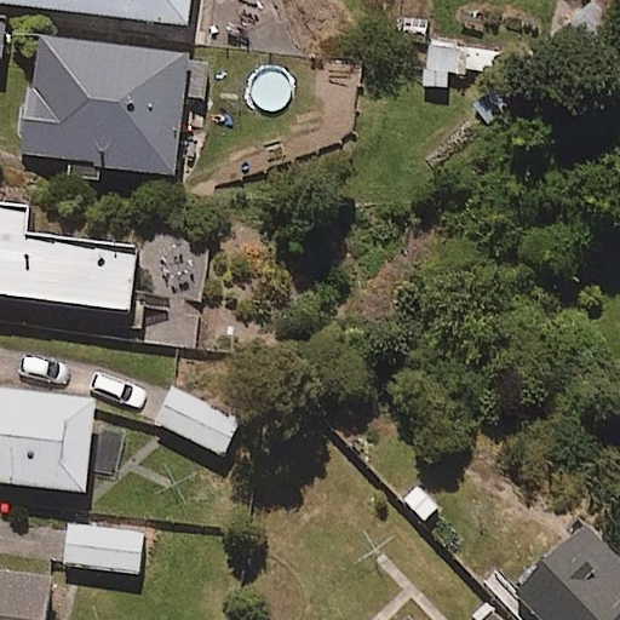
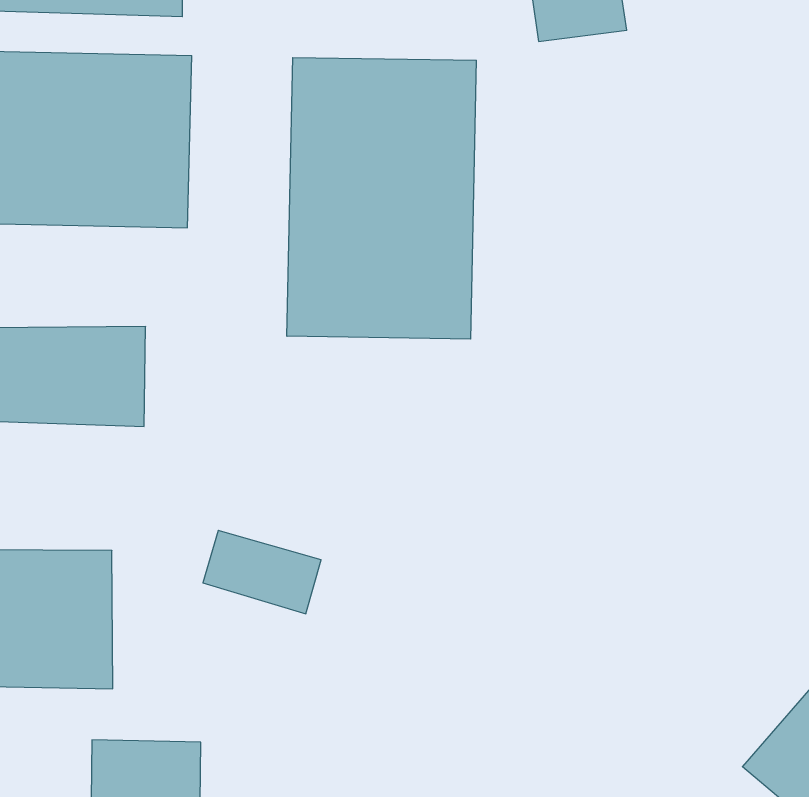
building: none -> [287,58,476,339]

